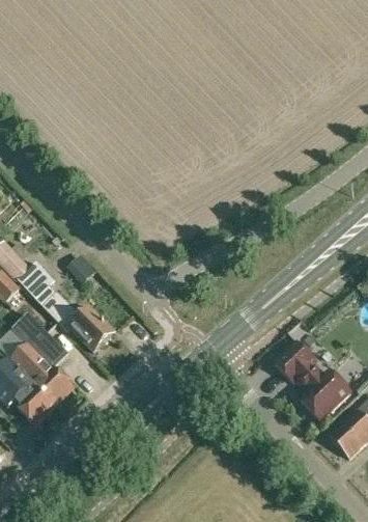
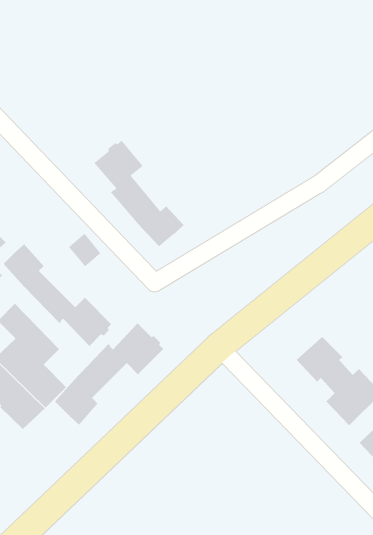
building: none -> [93,140,185,247]
building: none -> [54,322,164,425]

